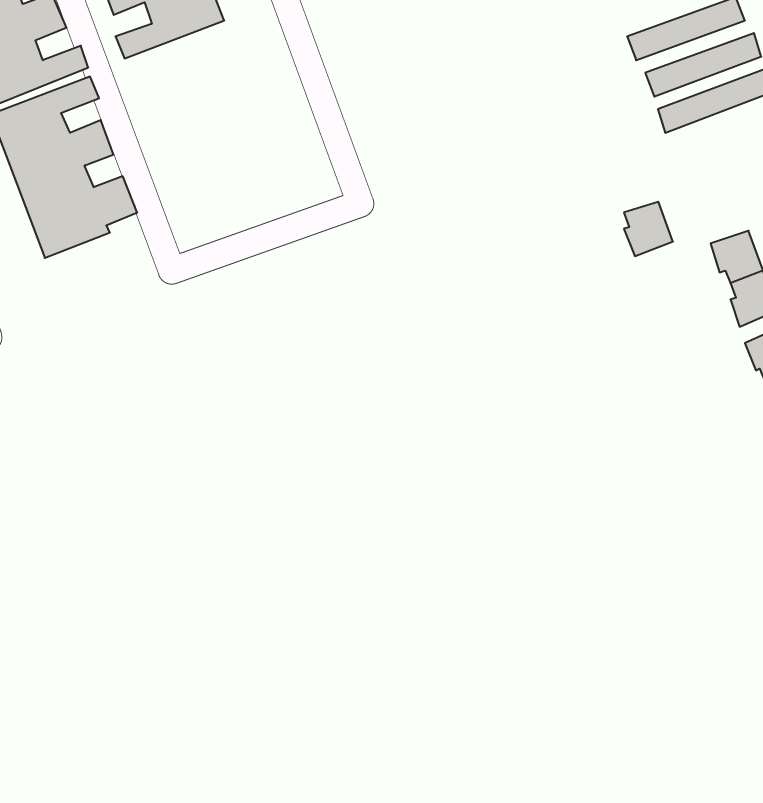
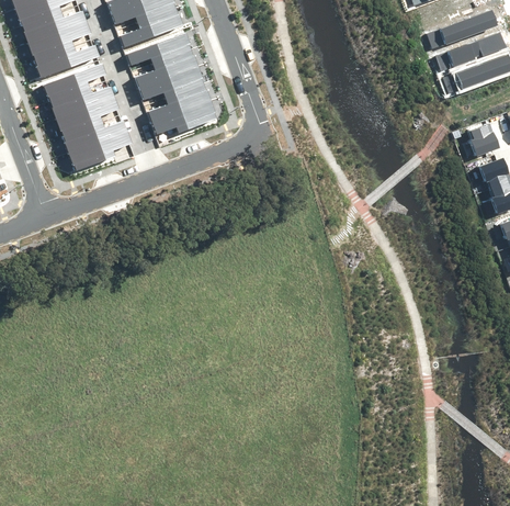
building: none -> [123,30,218,134]
building: [624,202,673,256] -> [467,121,497,154]

